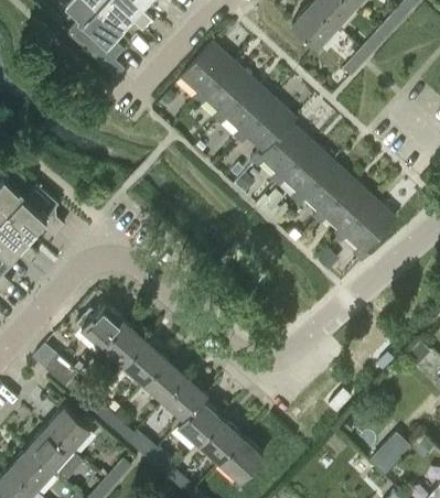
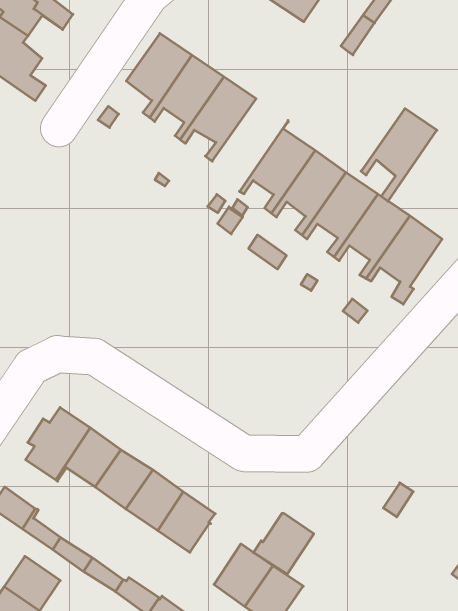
building: [238,100,297,165] -> [361,109,437,201]
building: [176,401,222,445] -> [253,513,314,574]

